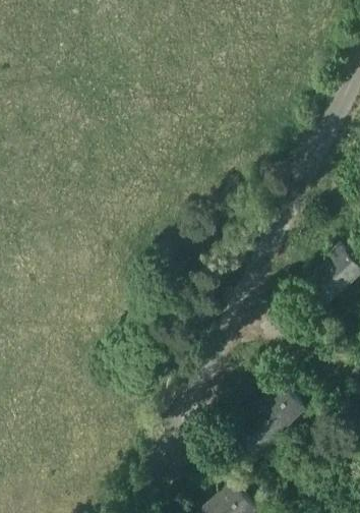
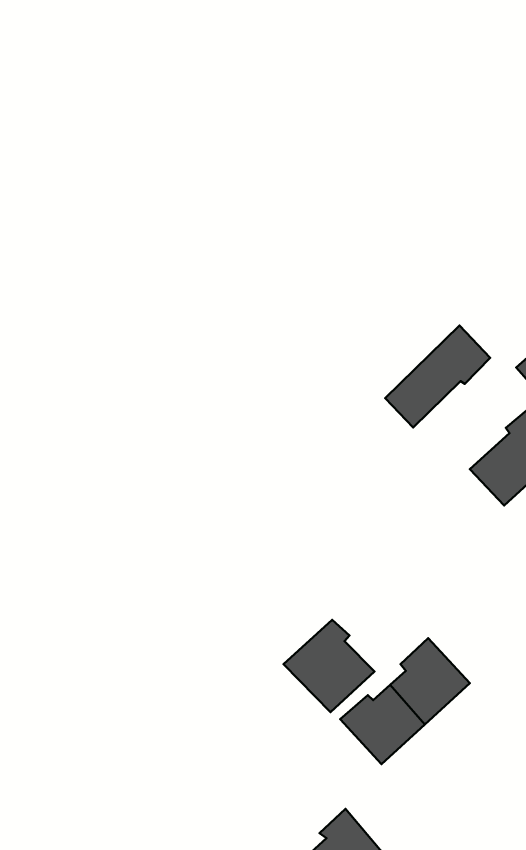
building: none -> [385,326,490,428]
building: none -> [284,620,375,712]

